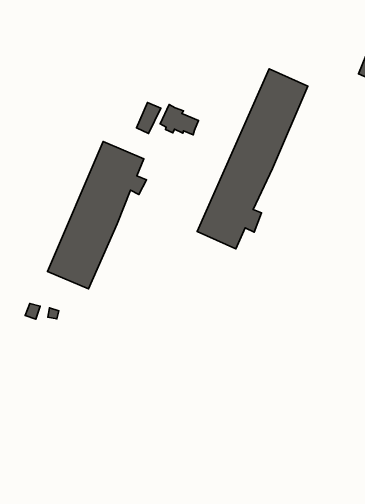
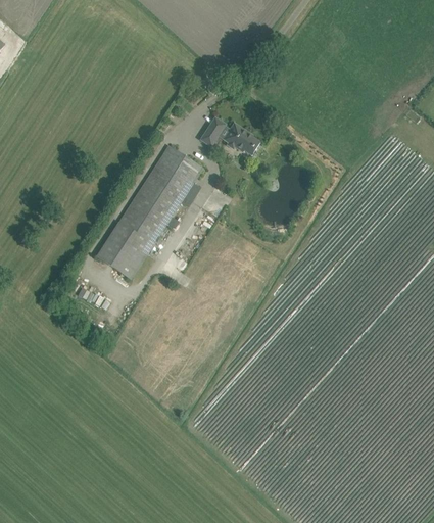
building: [197,69,308,249] -> none

